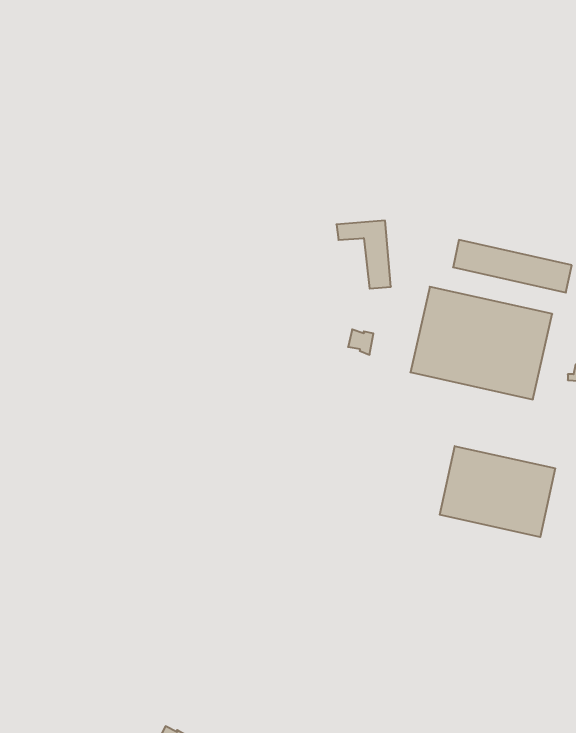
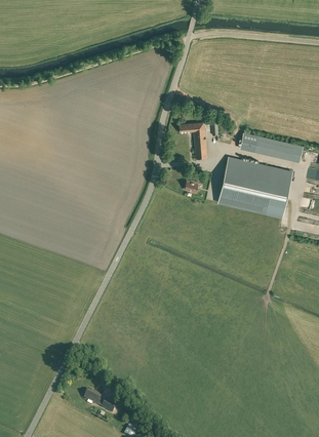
building: [440,446,555,537] -> none

